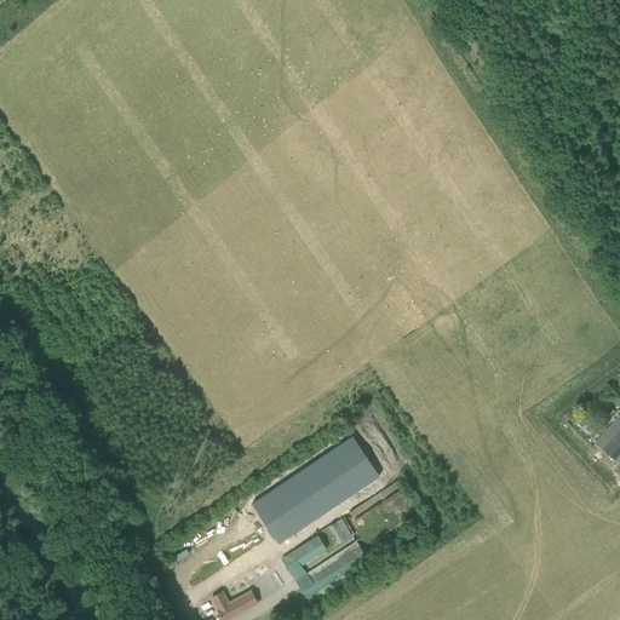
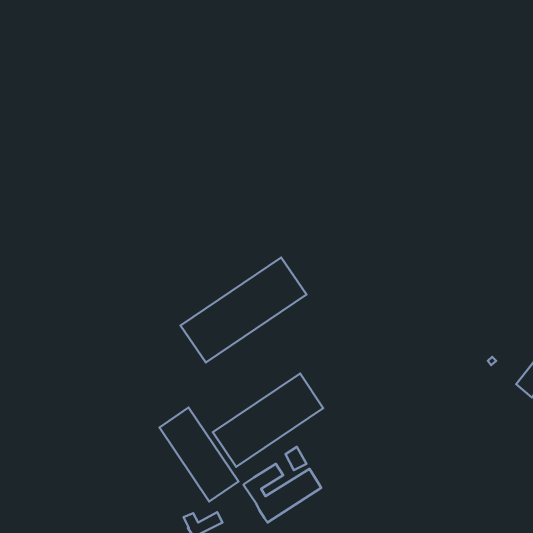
building: none -> [180,257,307,363]
building: none -> [159,408,238,501]

